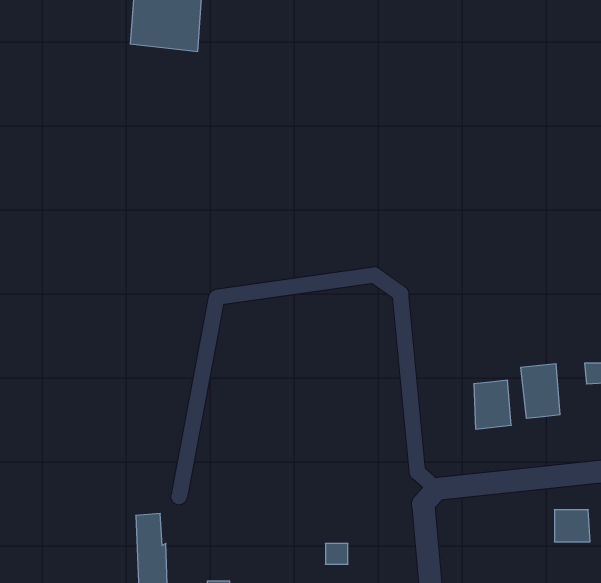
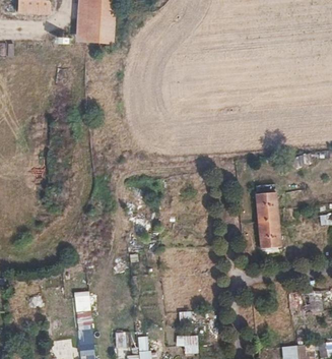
building: [521,364,560,418] -> [257,194,278,224]

